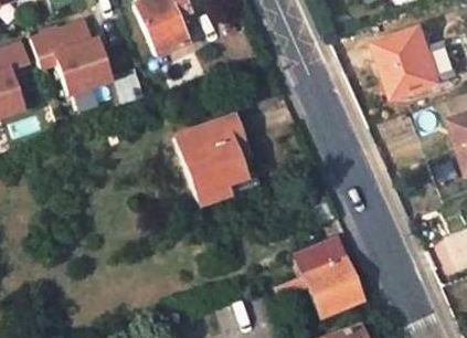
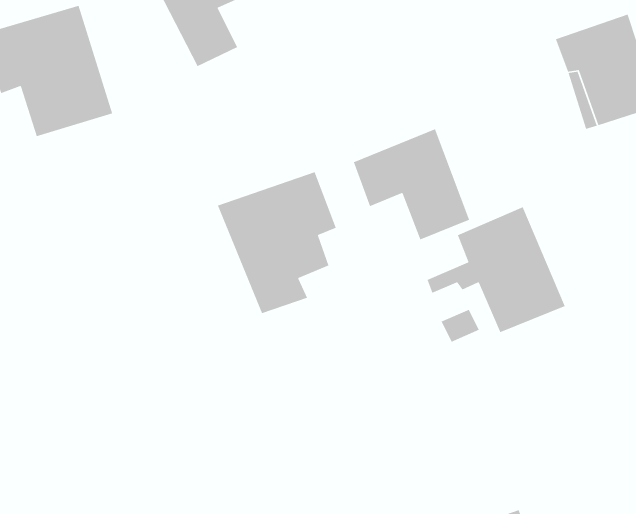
building: none -> [353,128,470,241]
building: [276,240,362,318] -> [426,206,566,333]

